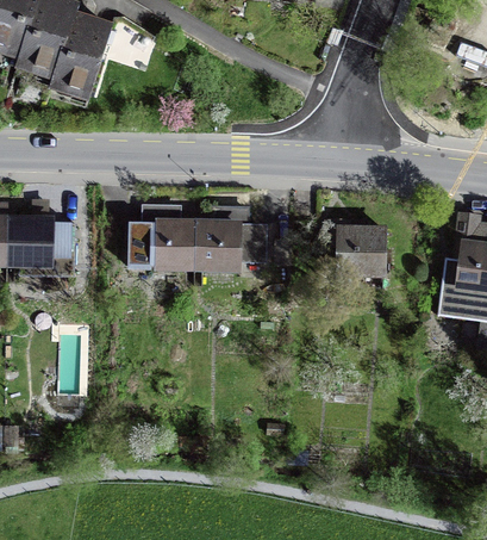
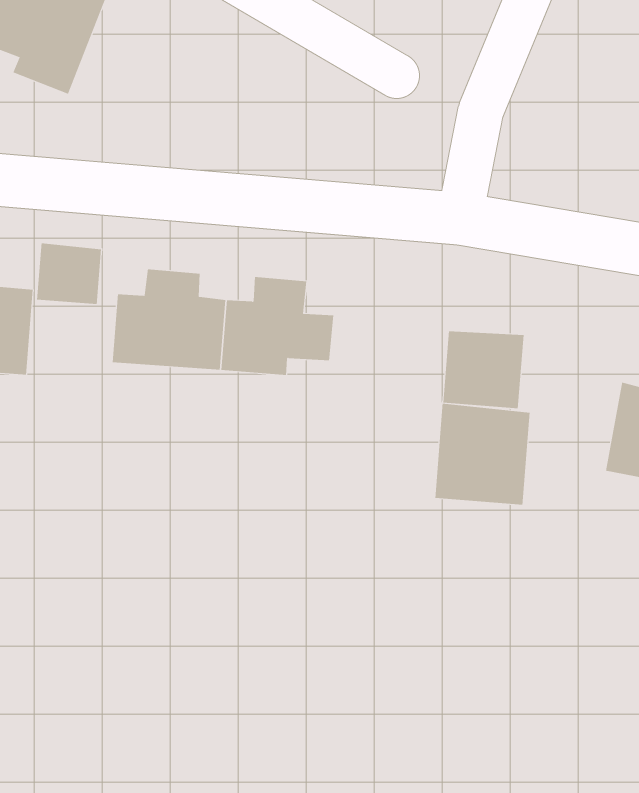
building: none -> [37,242,102,305]
building: none -> [435,403,530,505]

